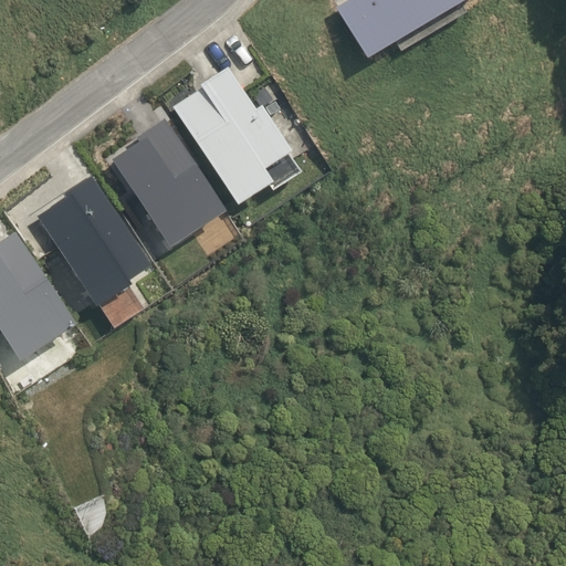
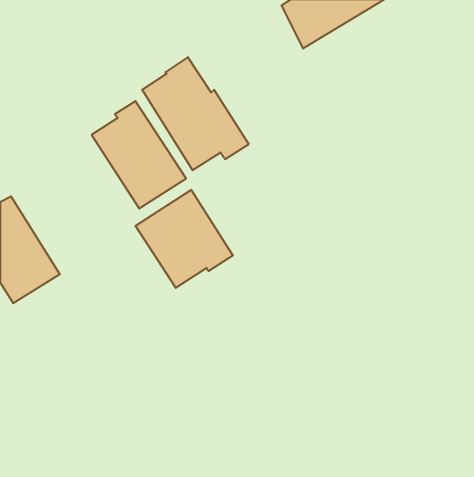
building: [43,176,148,305] -> none
building: none -> [136,190,233,288]

